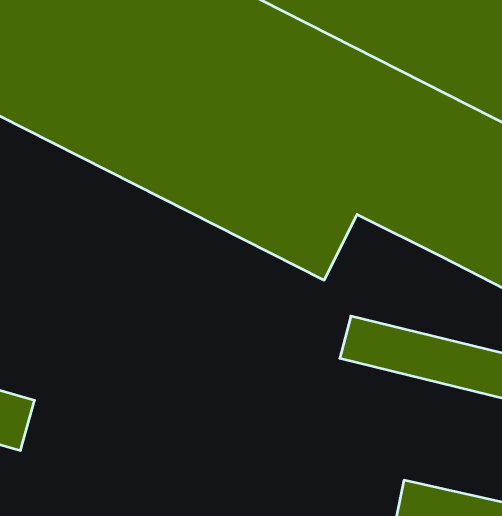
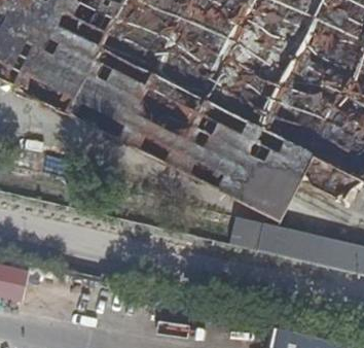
building: none -> [225,148,302,218]

